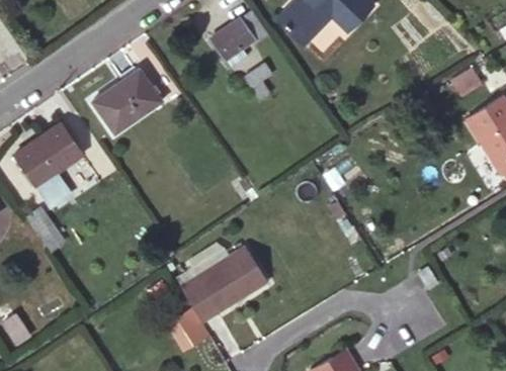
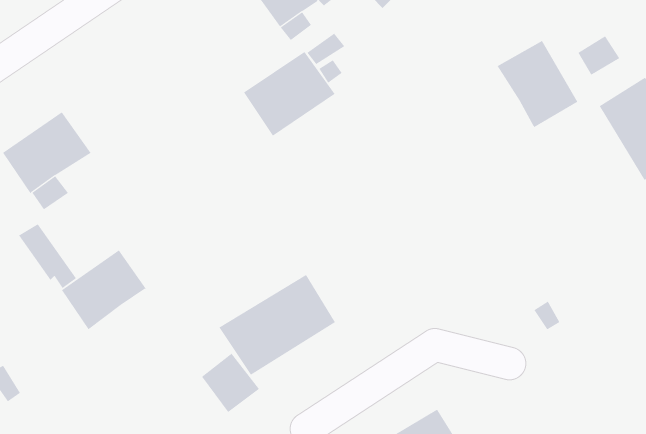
building: none -> [497,40,578,128]
building: [92,70,162,134] -> [243,51,335,137]
building: none -> [61,250,147,330]

